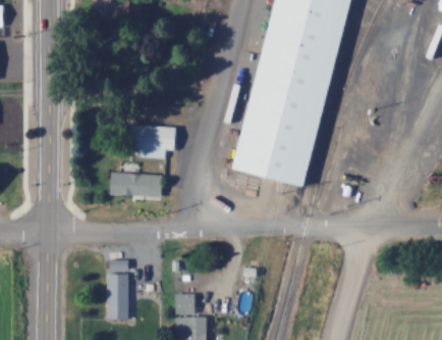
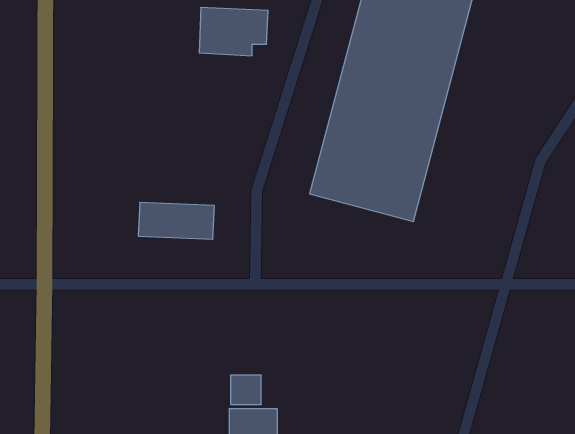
building: [129,126,177,159] -> [199,7,268,56]
building: [106,261,128,320] -> none

